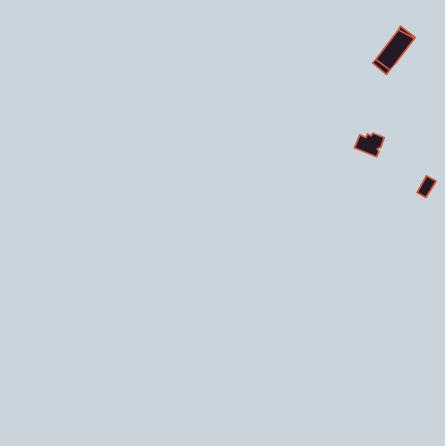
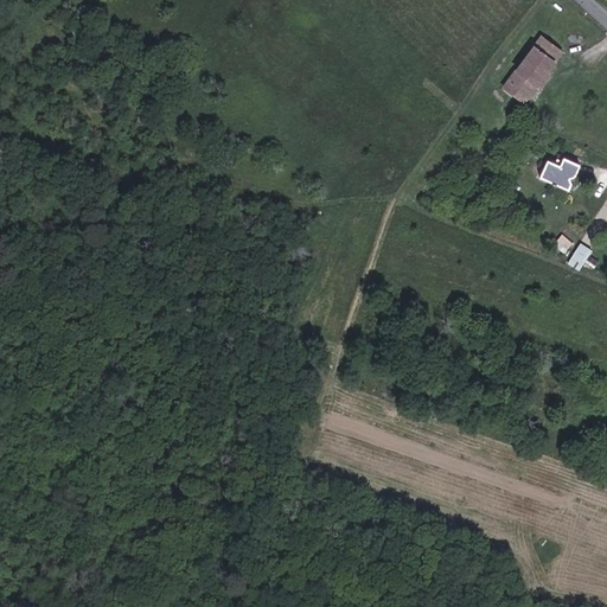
building: [354,133,384,157] -> [537,158,577,190]

